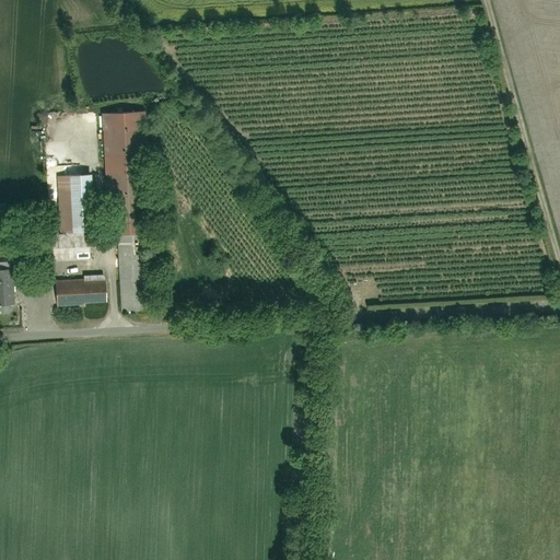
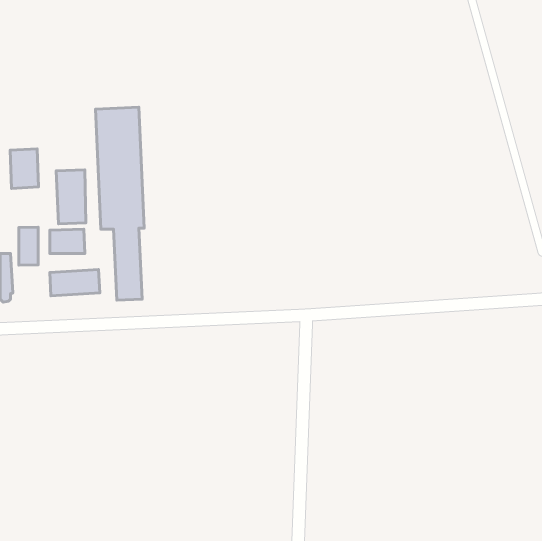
building: none -> [10,149,39,188]
building: none -> [19,227,38,265]

